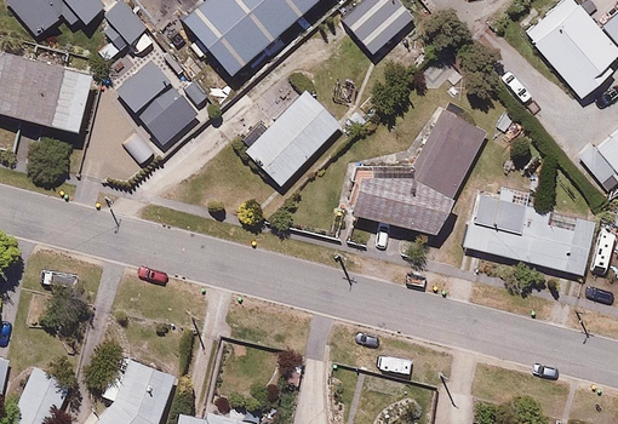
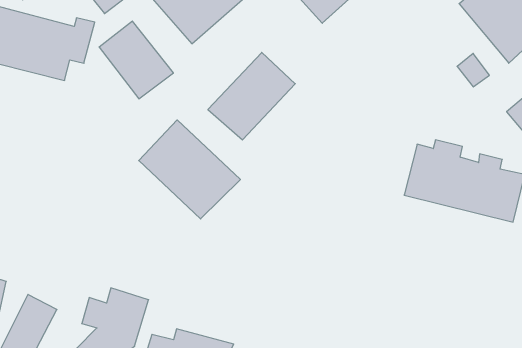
building: [343,109,486,235] -> none
building: none -> [139,120,240,219]

